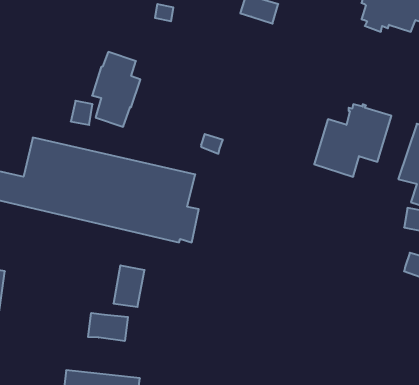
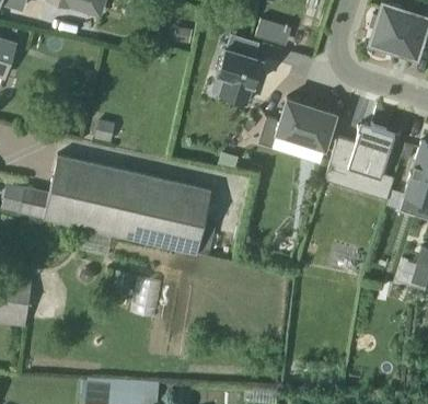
building: [92,52,140,127] -> [217,34,263,105]
building: none -> [258,99,336,149]
building: [88,313,128,341] -> none

